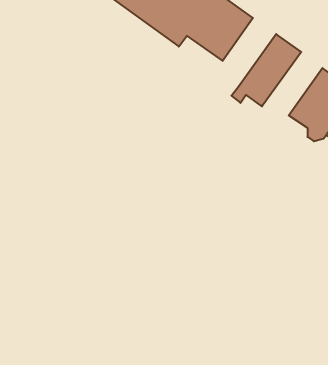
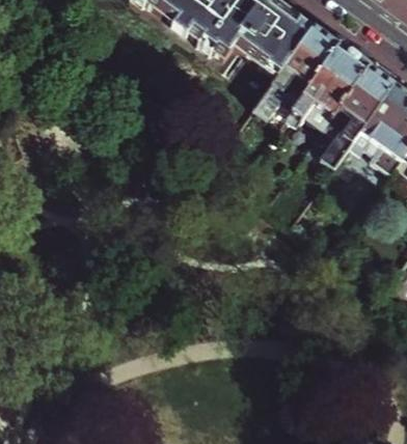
building: none -> [255,29,342,121]
building: none -> [323,68,396,169]

